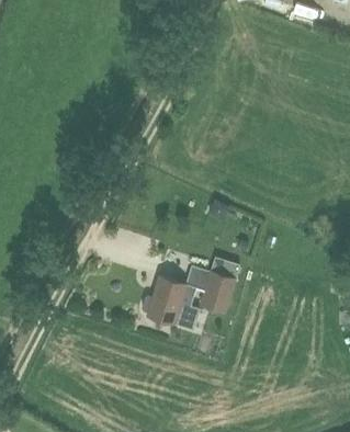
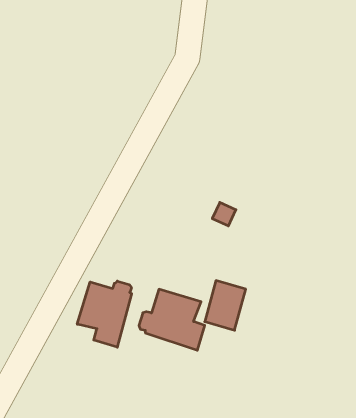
building: none -> [77,281,132,347]

